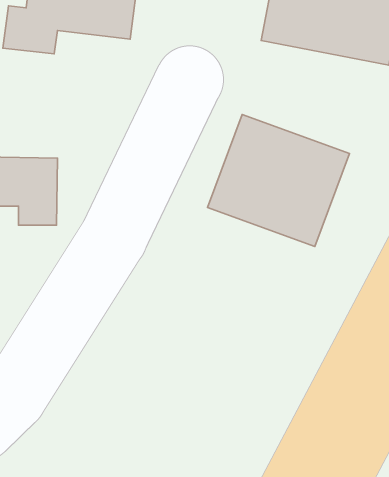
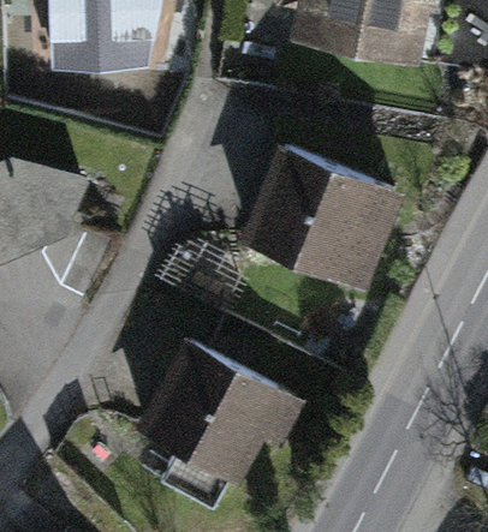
building: none -> [137,319,288,471]

